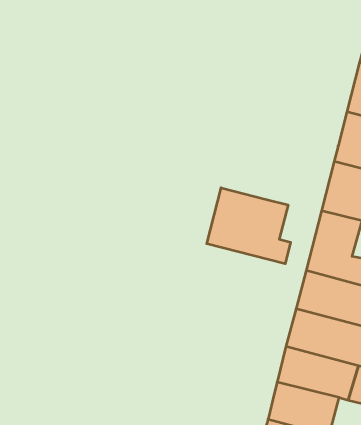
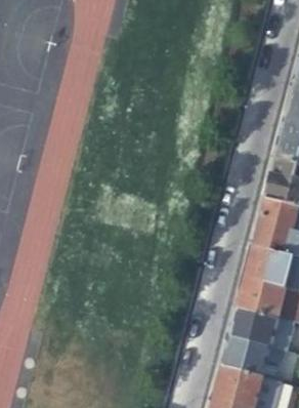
building: [207,188,291,264] -> none

